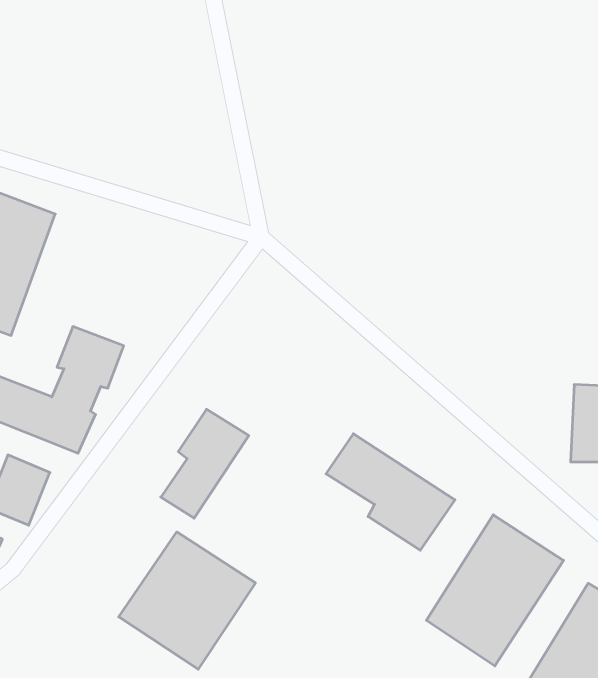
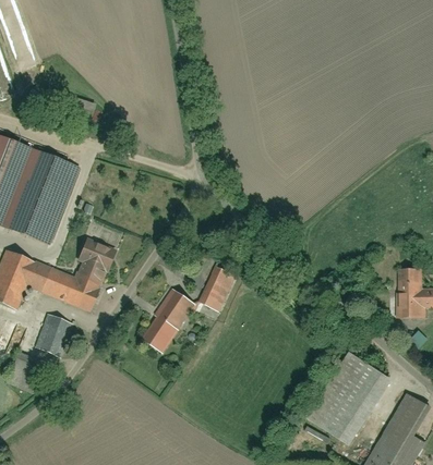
building: none -> [199,267,236,310]
building: [326,434,455,550] -> none
building: [119,532,255,669] -> none

